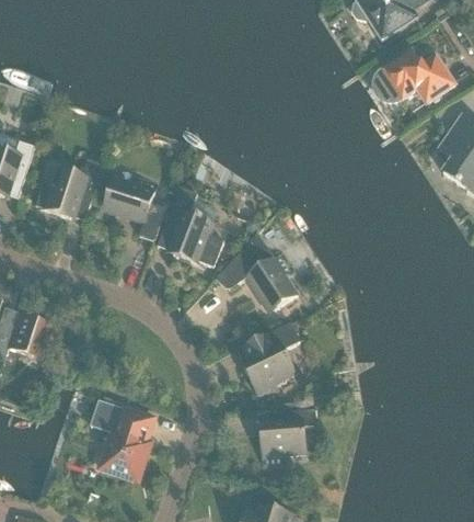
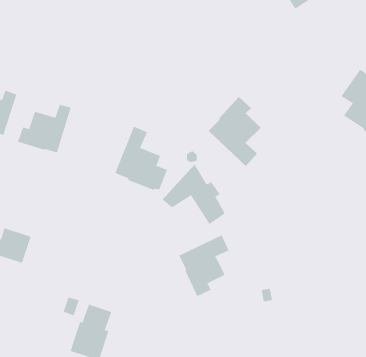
building: [373,48,455,102] -> none
building: none -> [208,96,261,167]
building: [105,175,166,239] -> none
building: [259,408,316,464] -> none

